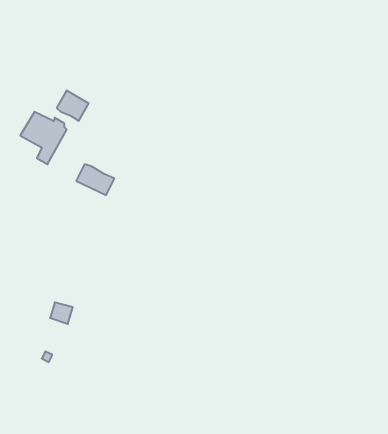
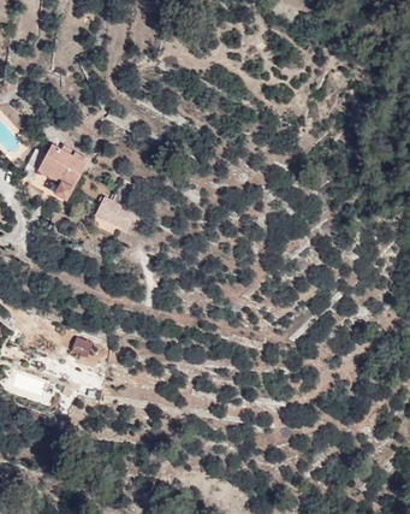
building: [57,90,88,121] -> none

